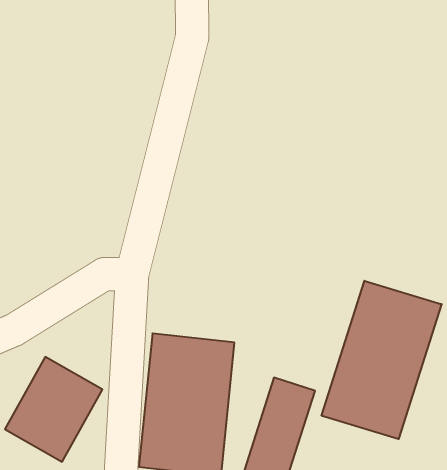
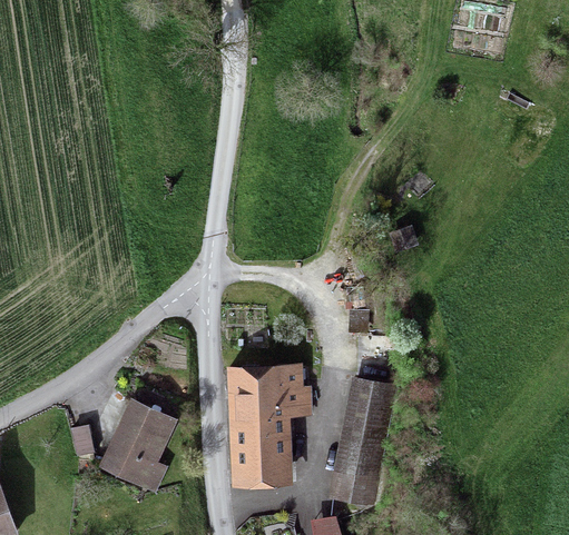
building: [322,281,442,439] -> none

